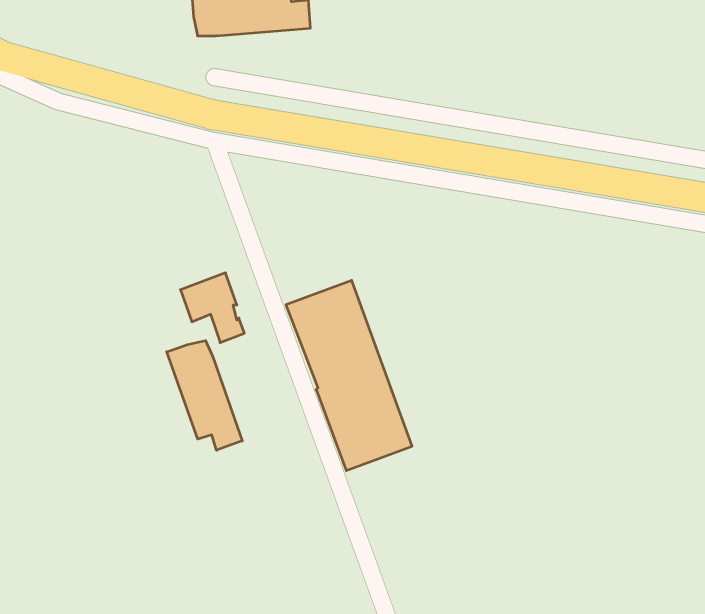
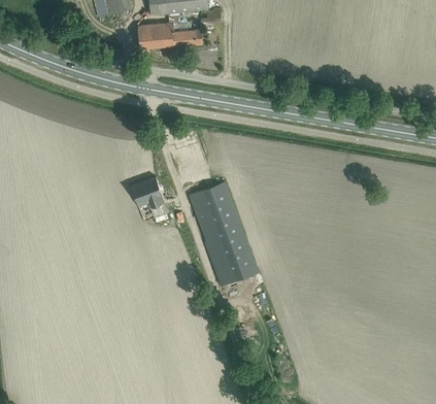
building: [167,341,242,450] -> none

